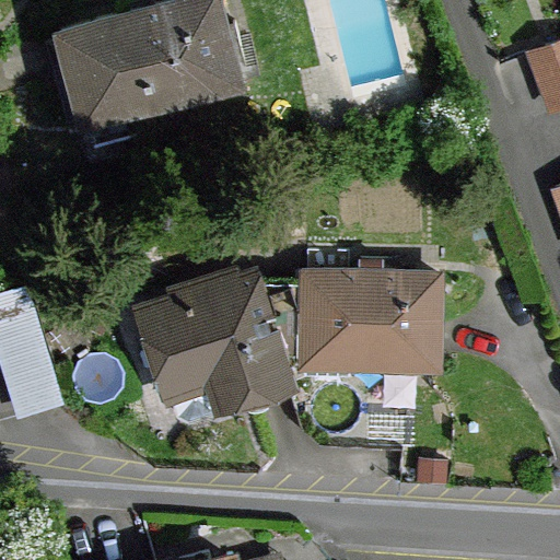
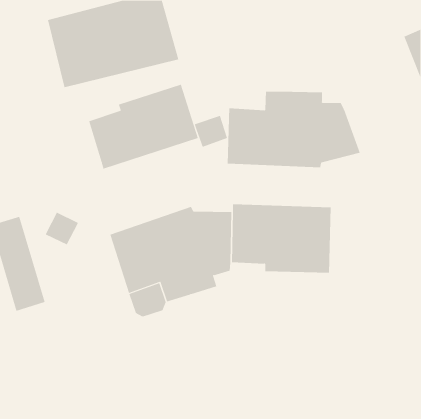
building: none -> [88,84,198,169]
building: none -> [227,91,361,168]

